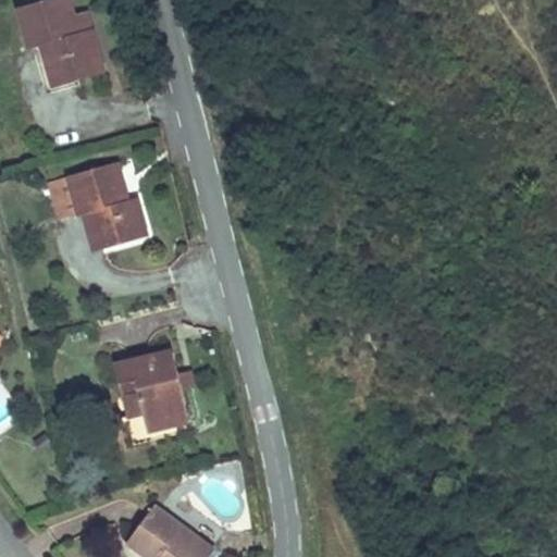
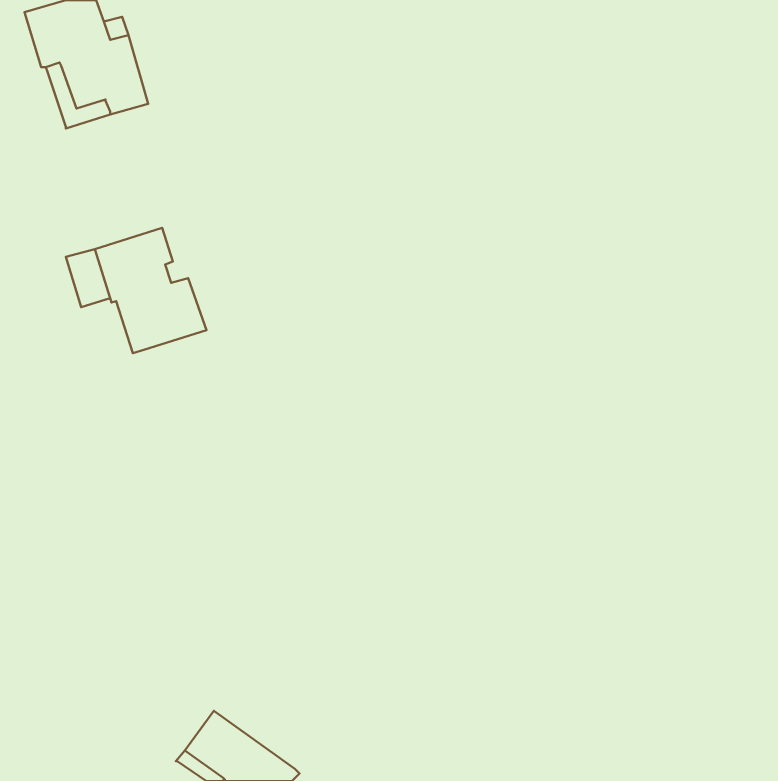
building: [113,350,188,429] -> none

